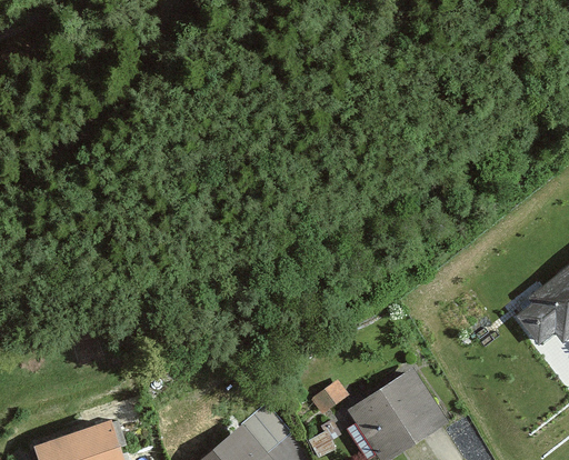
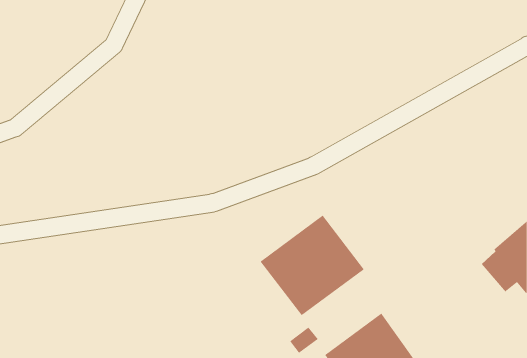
building: none -> [260,215,365,316]

